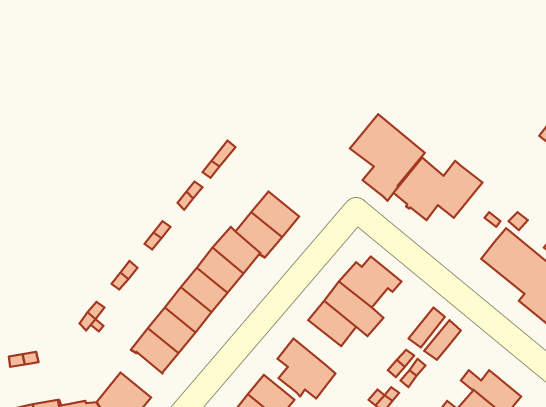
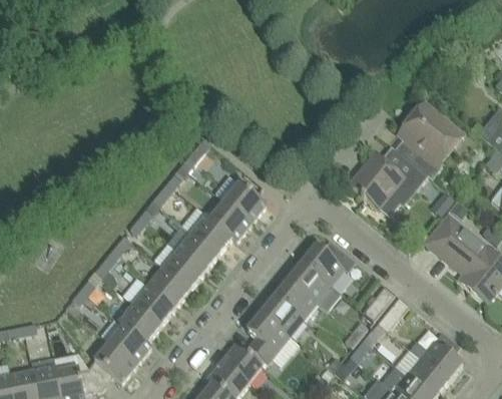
building: [350,114,425,201] -> [398,102,464,178]
building: none -> [261,296,303,335]
building: none -> [108,324,150,364]

